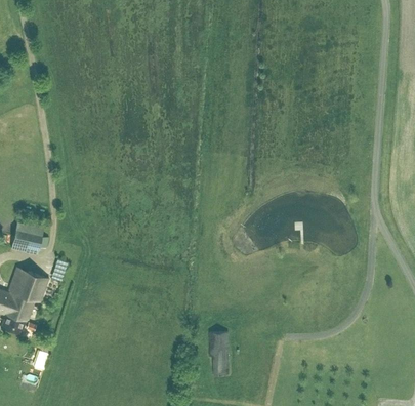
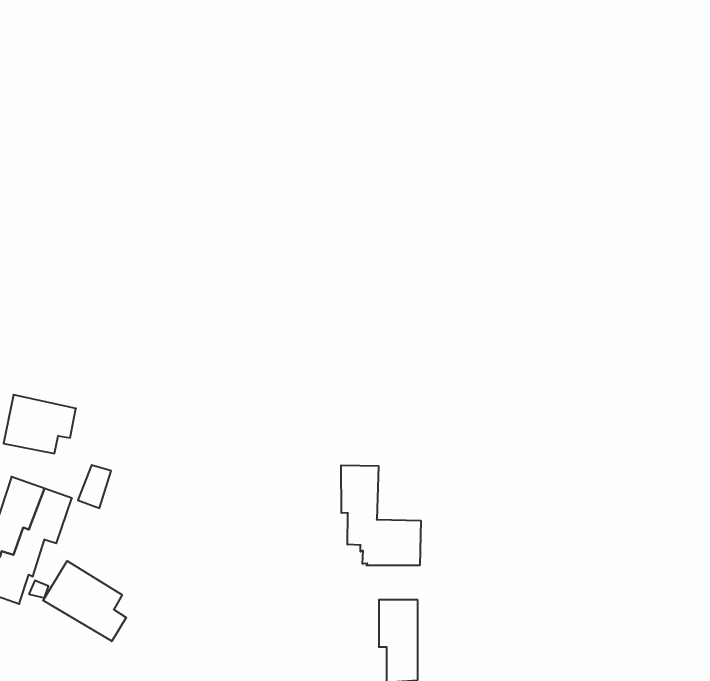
building: none -> [341,465,421,565]
building: none -> [43,561,126,641]

